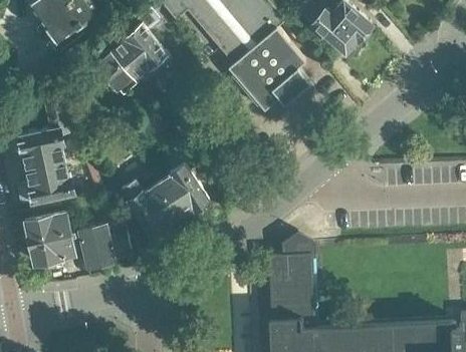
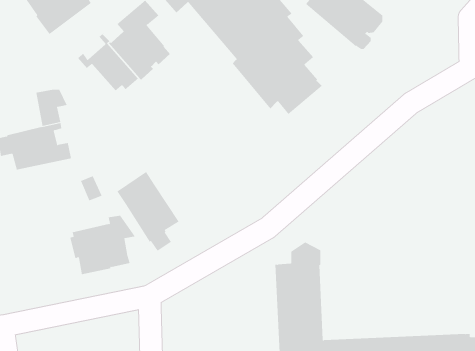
building: [156,157,212,218] -> none
building: [17,158,81,206] -> none
building: [22,213,80,270] -> none

